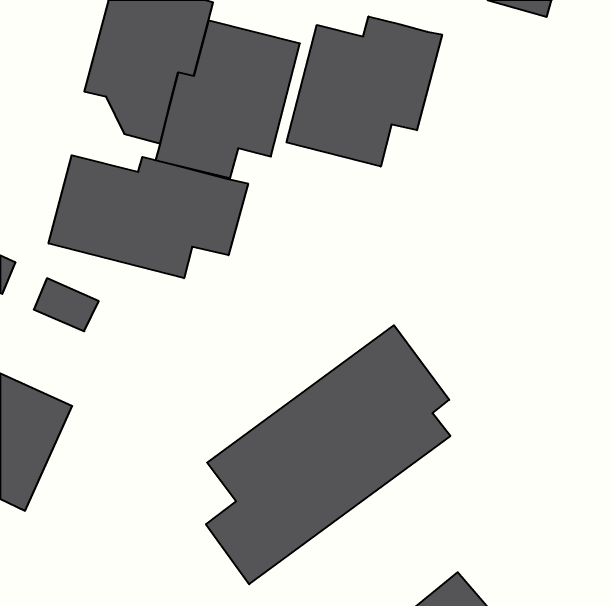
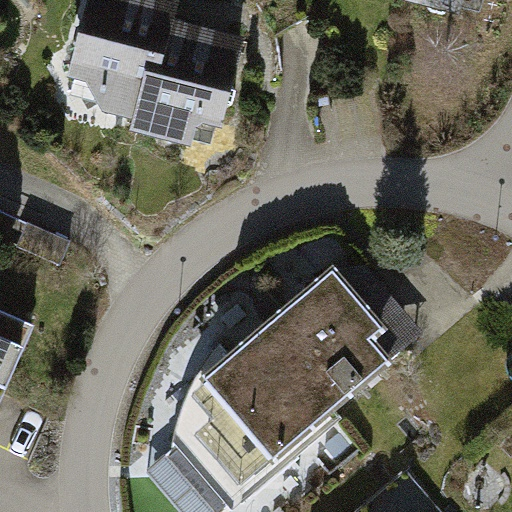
building: [287,16,442,167] -> none
building: [49,155,248,278] -> none

